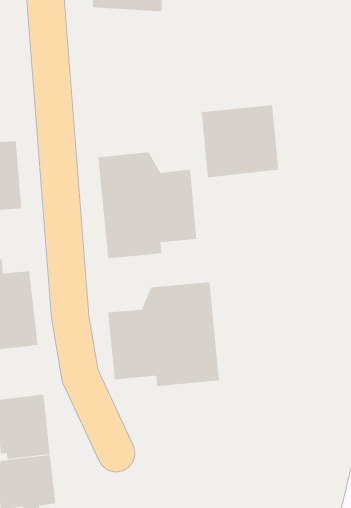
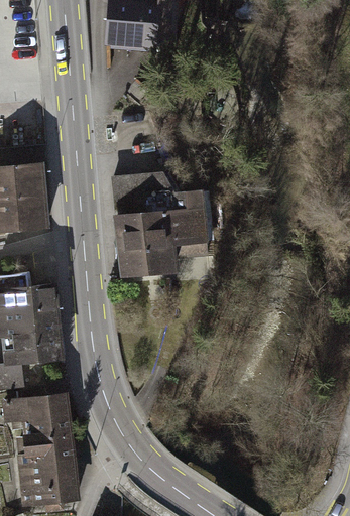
building: [201,104,279,178] -> none
building: [108,281,219,387] -> none

